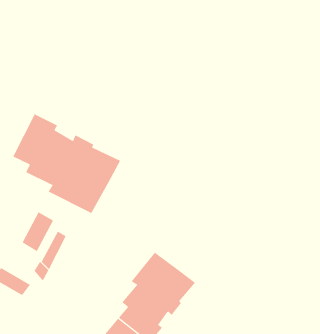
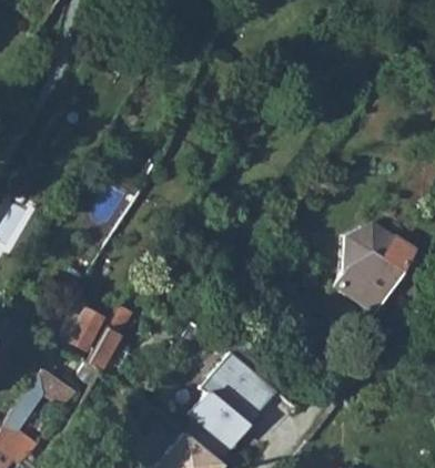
building: [13,114,121,214] -> none
building: none -> [333,220,411,308]

